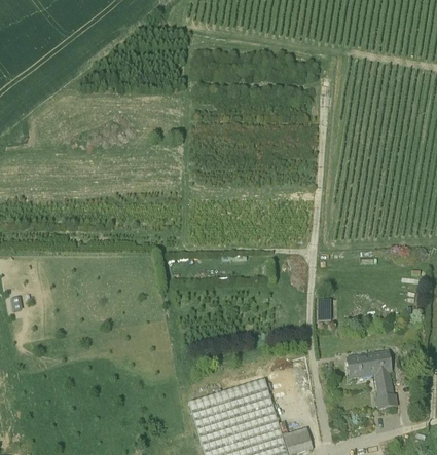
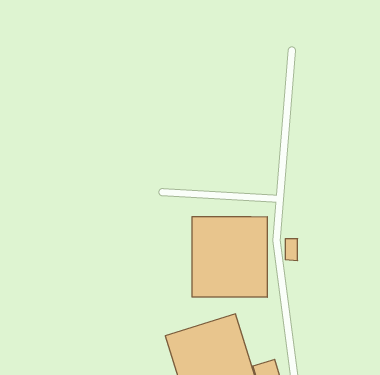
building: none -> [192,217,267,297]
building: [347,351,397,408] -> none

